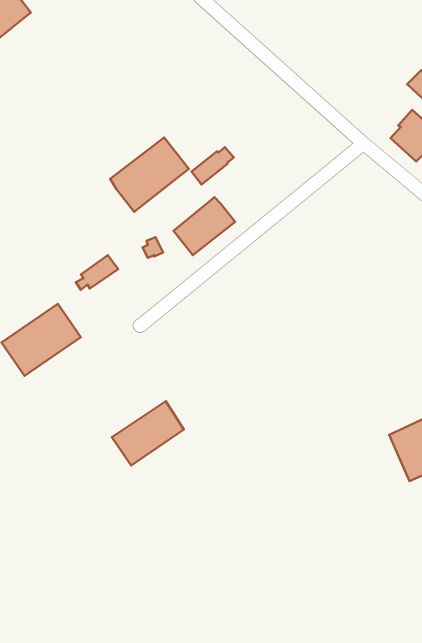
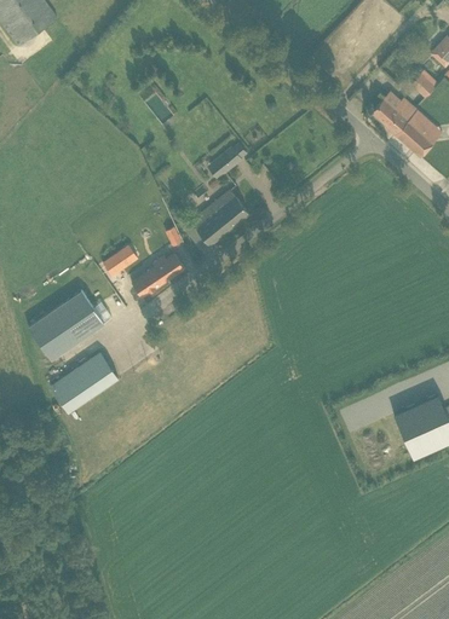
building: none -> [370,98,415,135]
building: [110,138,189,212] -> none
building: none -> [131,254,184,297]
building: [112,401,184,465] -> [50,352,117,412]

